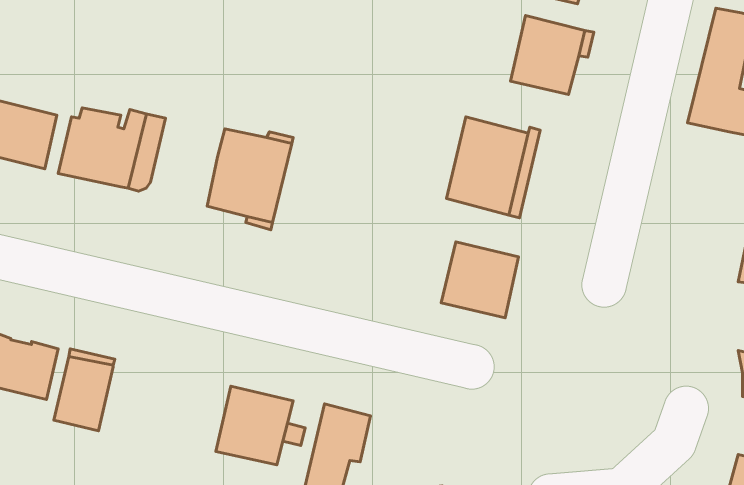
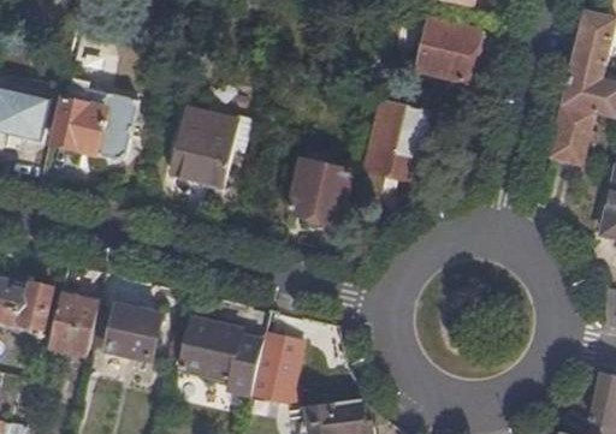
building: none -> [547,105,593,165]
building: [441,242,518,318] -> [288,160,350,221]
building: none -> [88,303,160,358]

